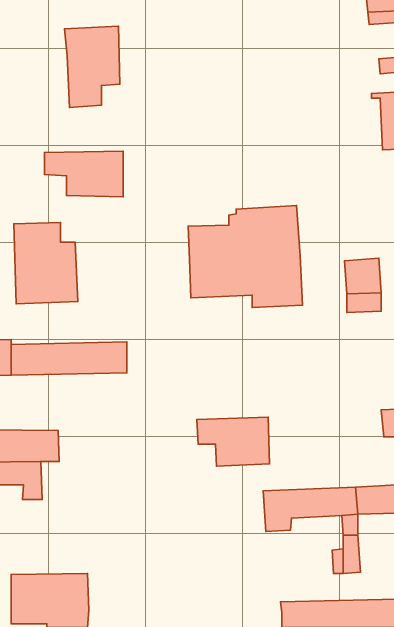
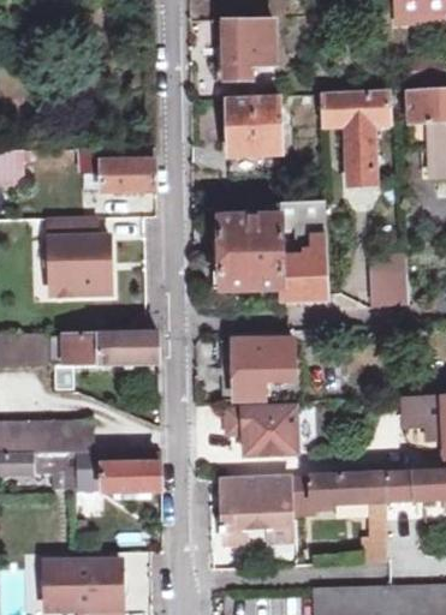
building: none -> [222,19,270,78]
building: [65,26,120,108] -> [224,94,278,173]
building: none -> [321,91,392,178]
building: none -> [222,339,302,401]
building: none -> [73,450,160,491]
building: none -> [225,476,295,543]

